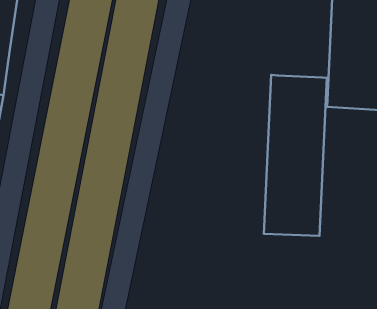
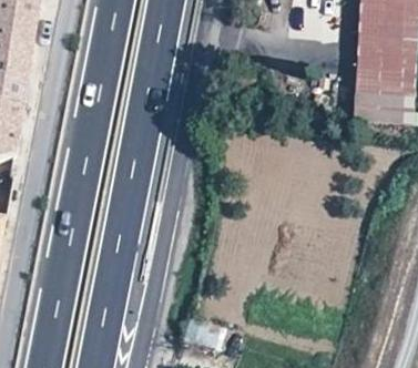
building: [264,75,327,236] -> none

